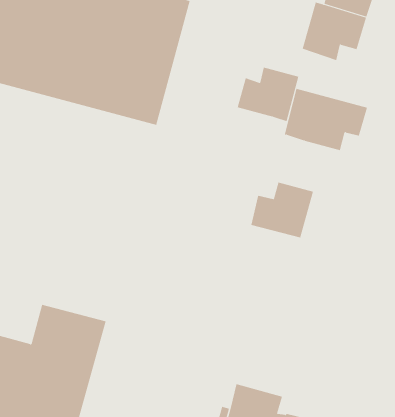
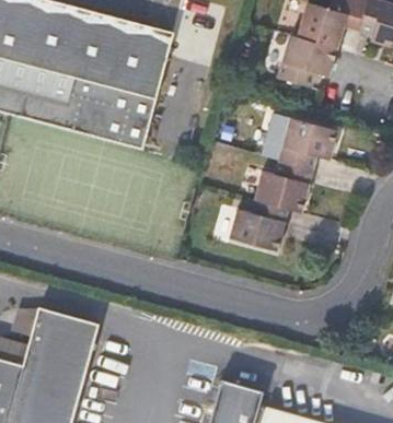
building: [237,67,299,122] -> [254,161,311,211]

